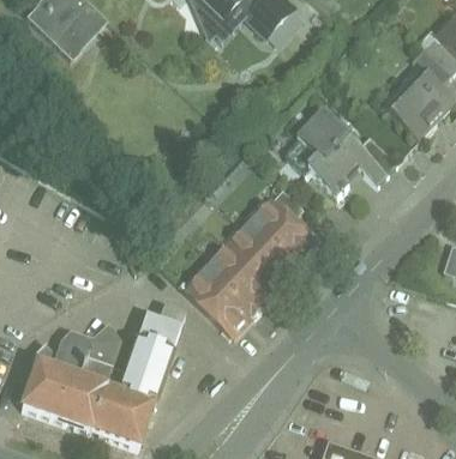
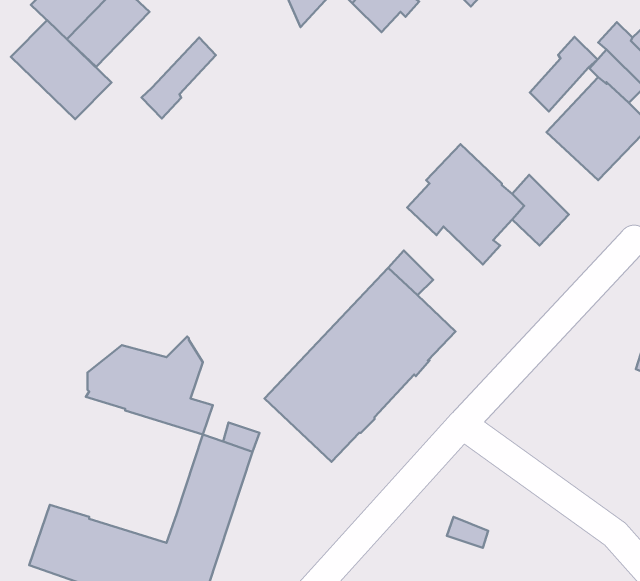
building: none -> [11,20,111,119]
building: none -> [530,37,598,111]
building: none -> [141,38,216,118]
building: [36,324,125,392] -> [86,337,213,434]

